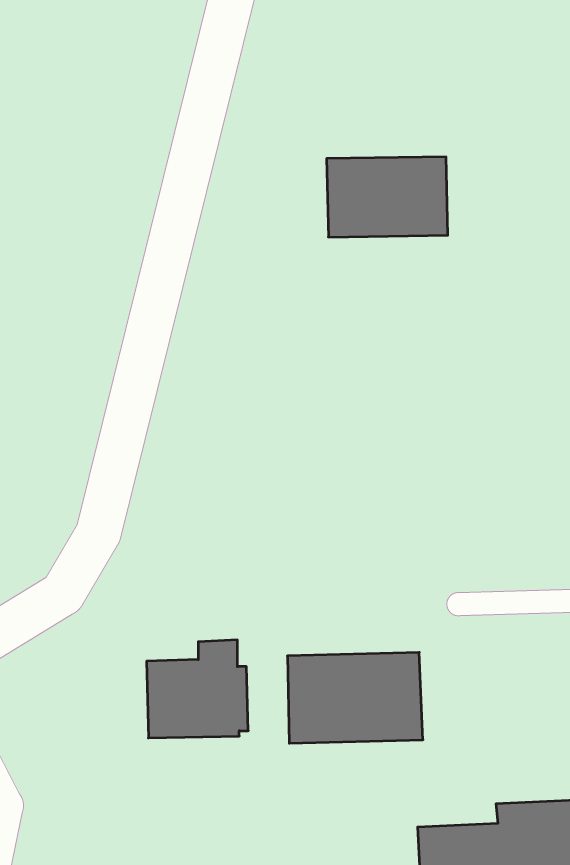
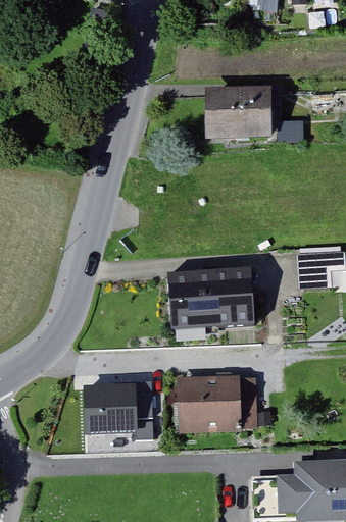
building: none -> [297,251,335,289]
building: none -> [164,267,252,331]

